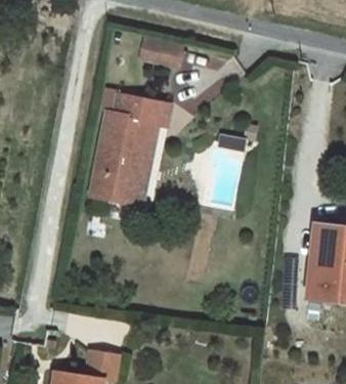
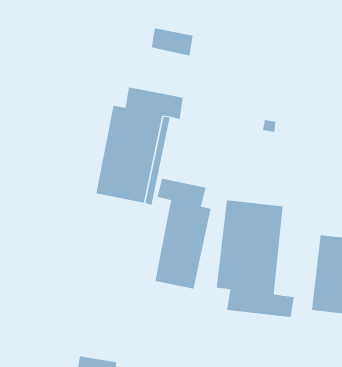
building: none -> [155,178,211,289]
building: none -> [216,199,294,318]

